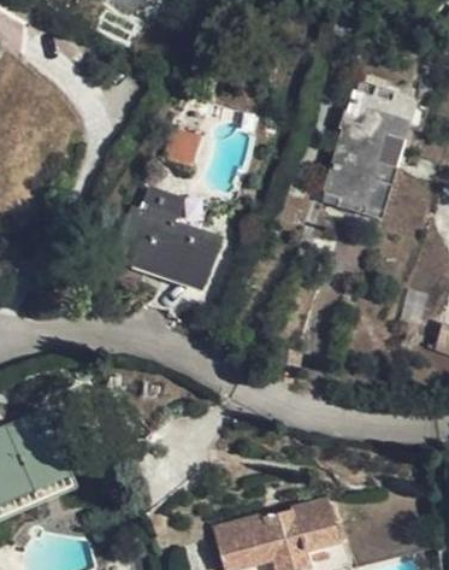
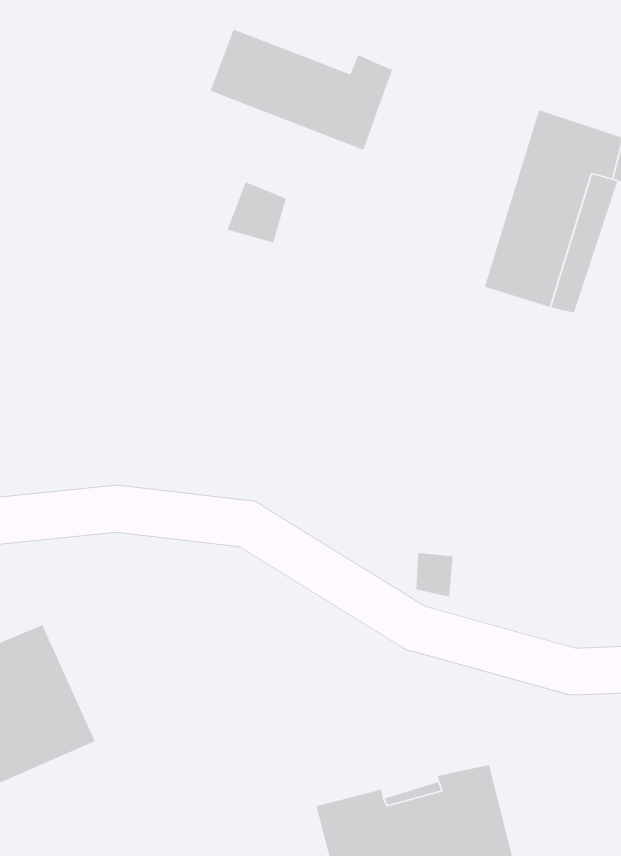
building: none -> [209,29,393,151]
building: [112,184,218,290] -> none

